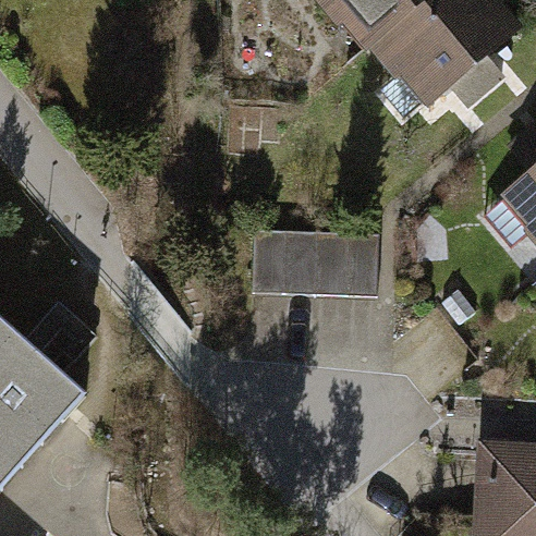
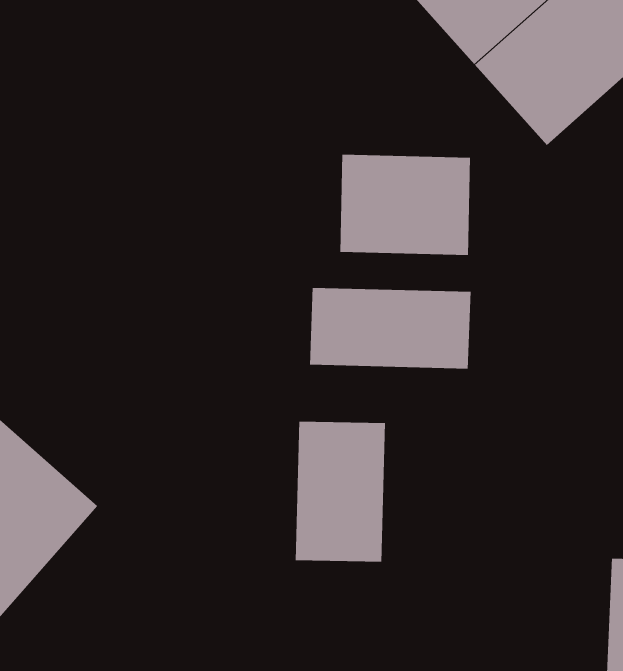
building: none -> [340,154,471,256]
building: none -> [295,421,386,562]

